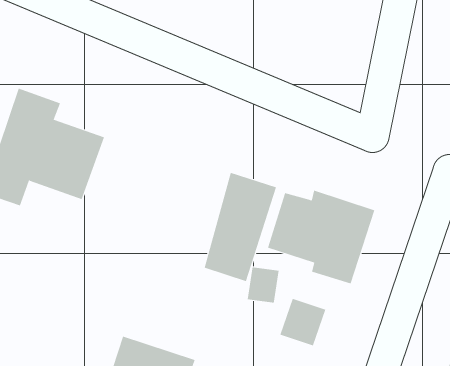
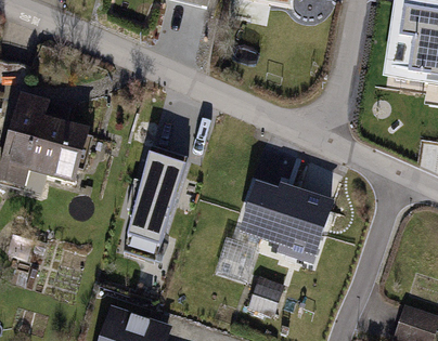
building: [204,172,277,282] -> [120,146,183,240]

